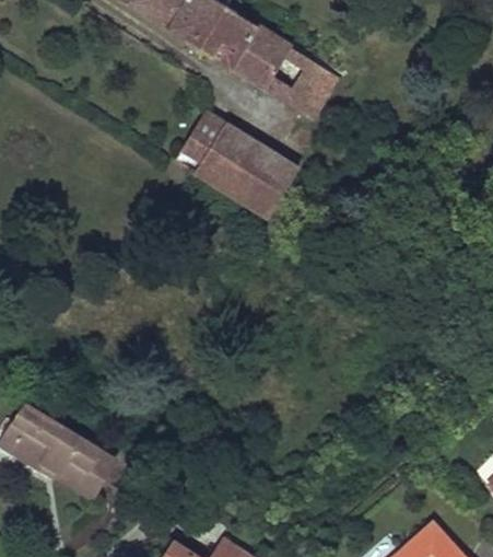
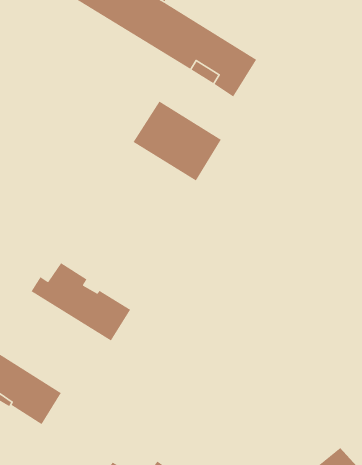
building: [175,112,226,172] -> none
building: none -> [31,262,131,342]

